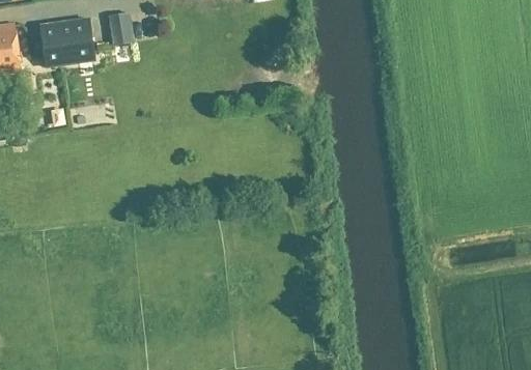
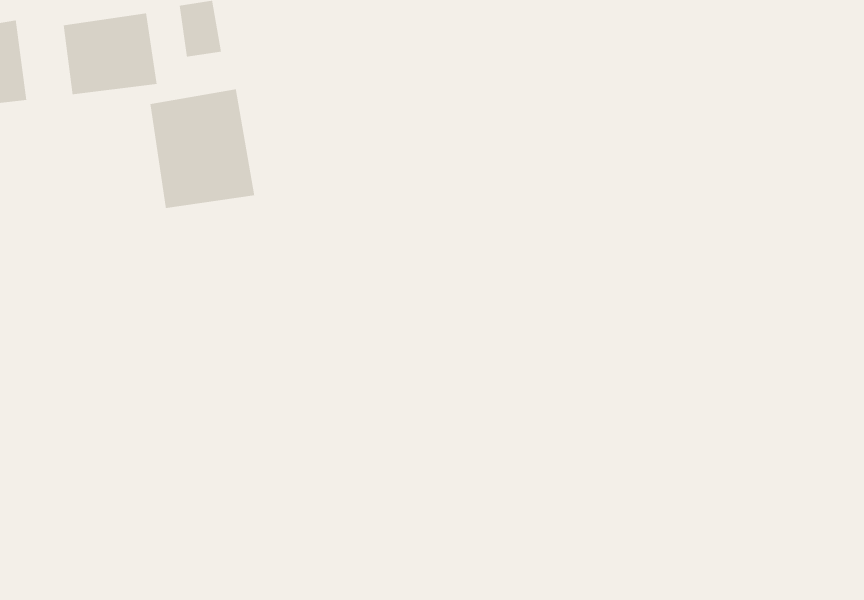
building: none -> [150,89,255,209]

